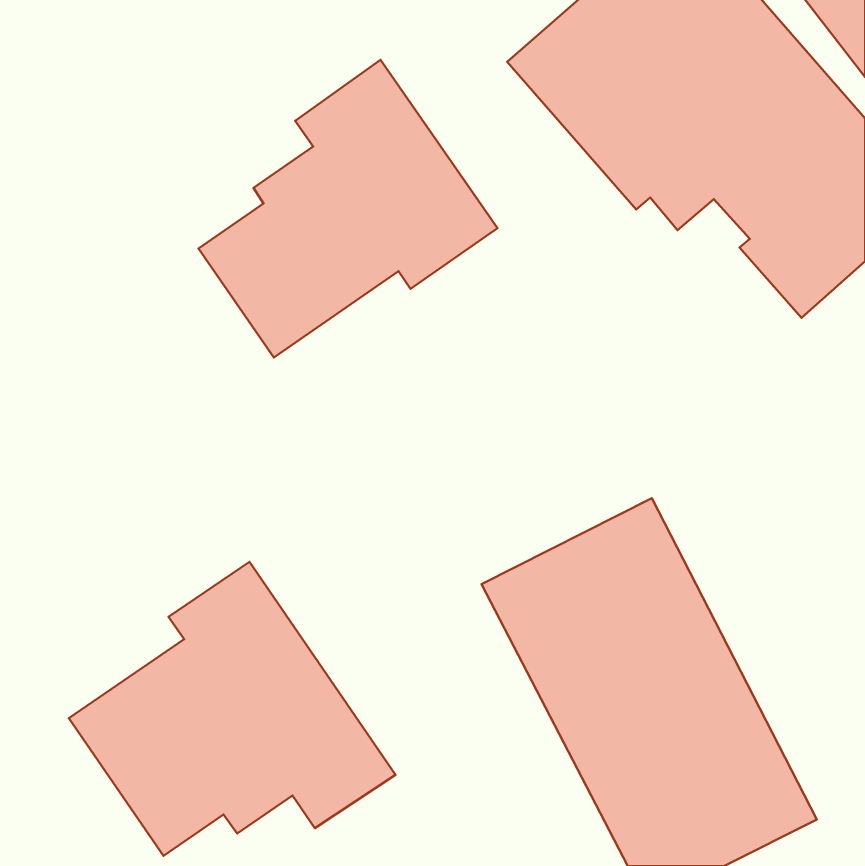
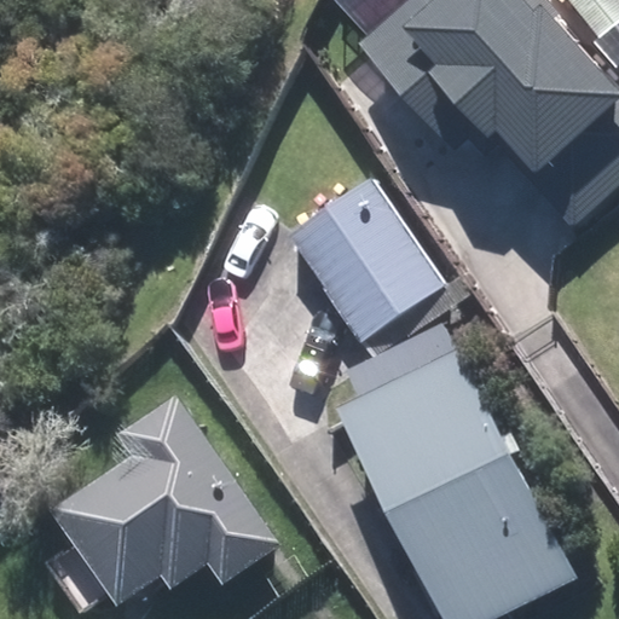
building: [199,60,498,357] -> none
building: none -> [289,178,440,335]

